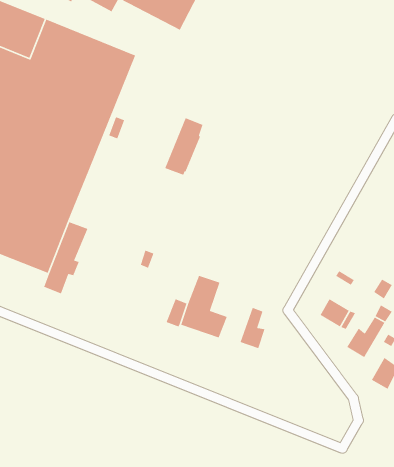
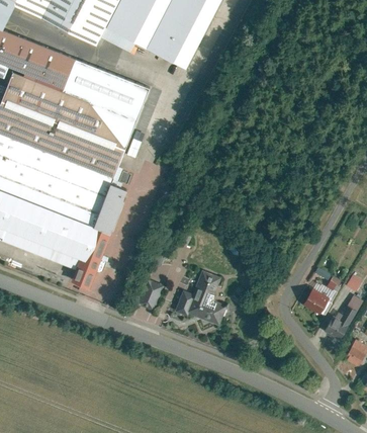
building: [164,117,203,176] -> [94,183,126,232]
building: none -> [136,278,162,309]
building: [240,307,265,349] -> none

